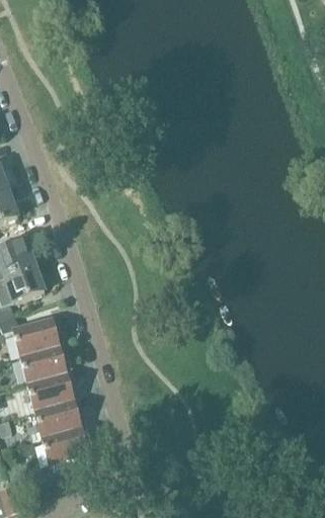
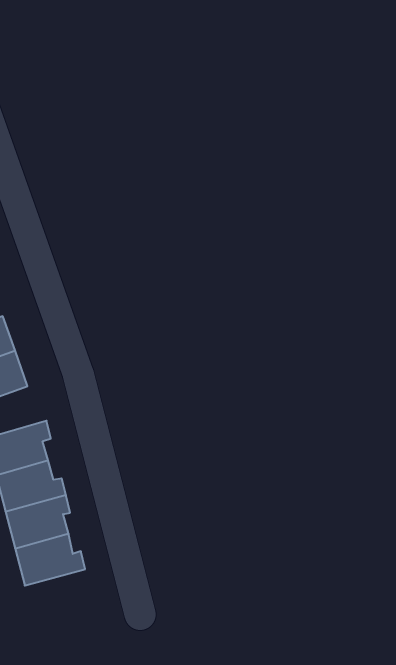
building: [40,423,89,465] -> none

